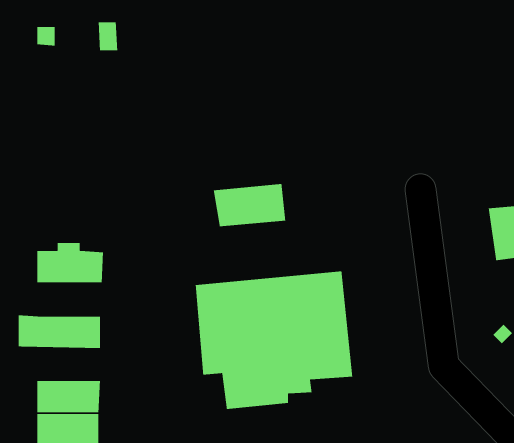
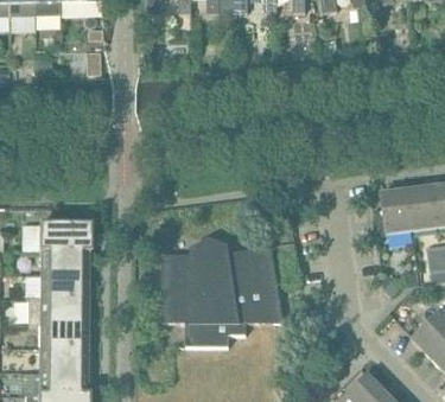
building: [213,183,286,227] -> none
building: none -> [38,249,88,274]
building: none -> [26,298,87,323]

